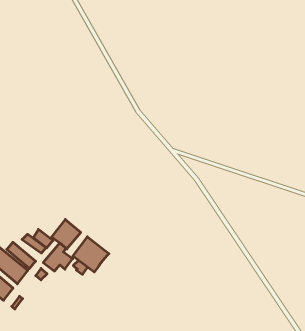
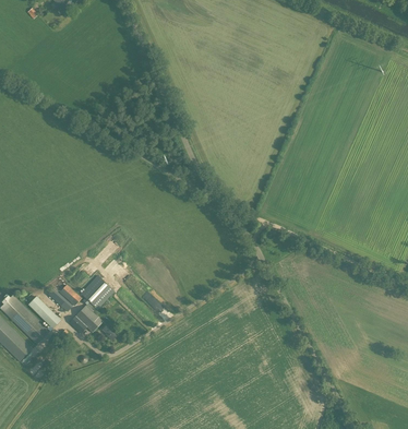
building: [73,237,109,272] -> none

